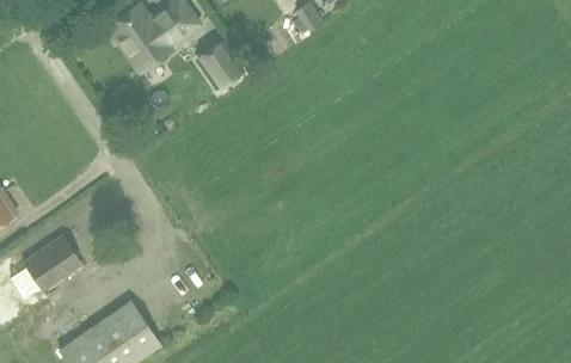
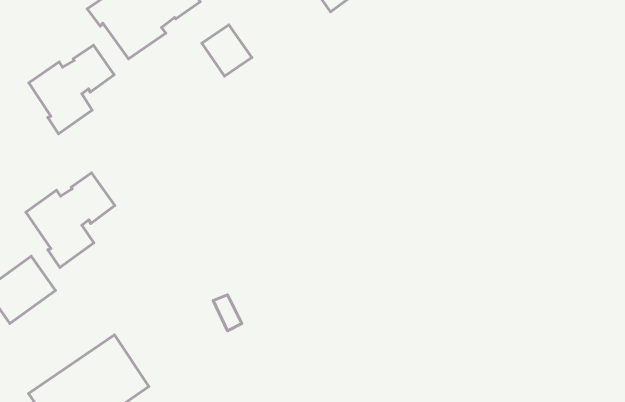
building: none -> [29,45,114,134]
building: none -> [26,173,115,268]

